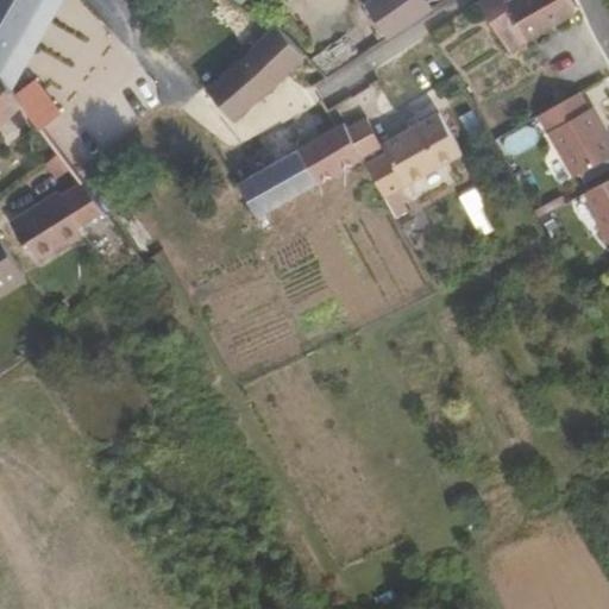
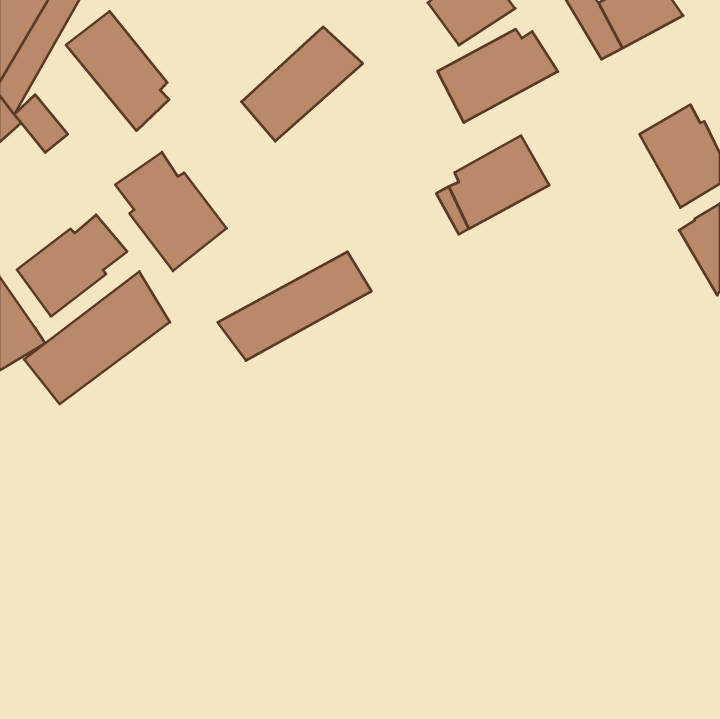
building: none -> [66,11,169,131]
building: none -> [438,29,558,123]
building: [234,124,364,215] -> [218,252,371,361]
building: none -> [115,152,227,271]
building: none -> [24,271,170,404]

